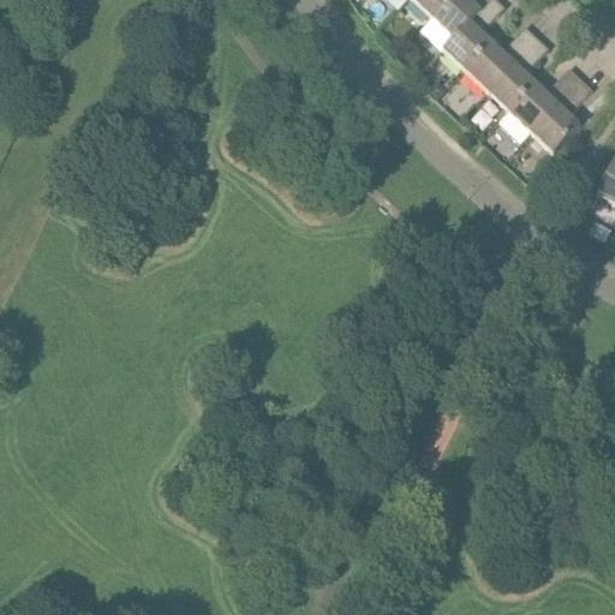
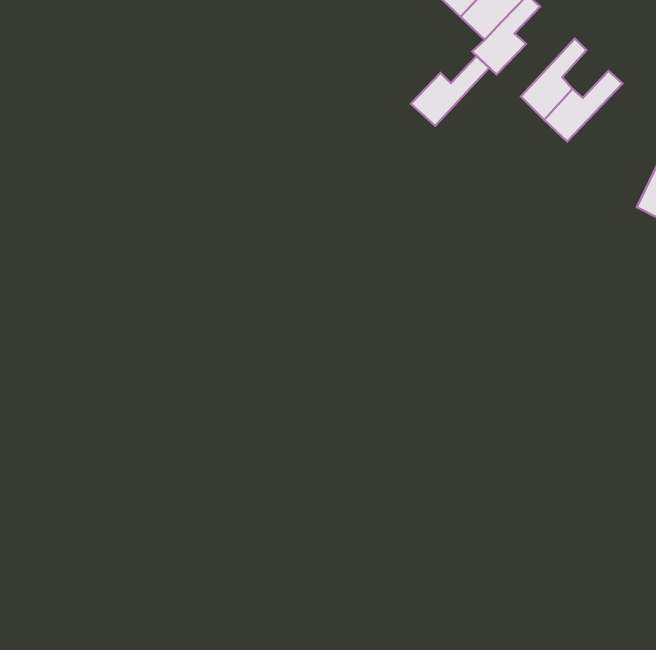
building: [465,25,538,90] -> [411,56,489,126]
building: [531,78,593,153] -> none

